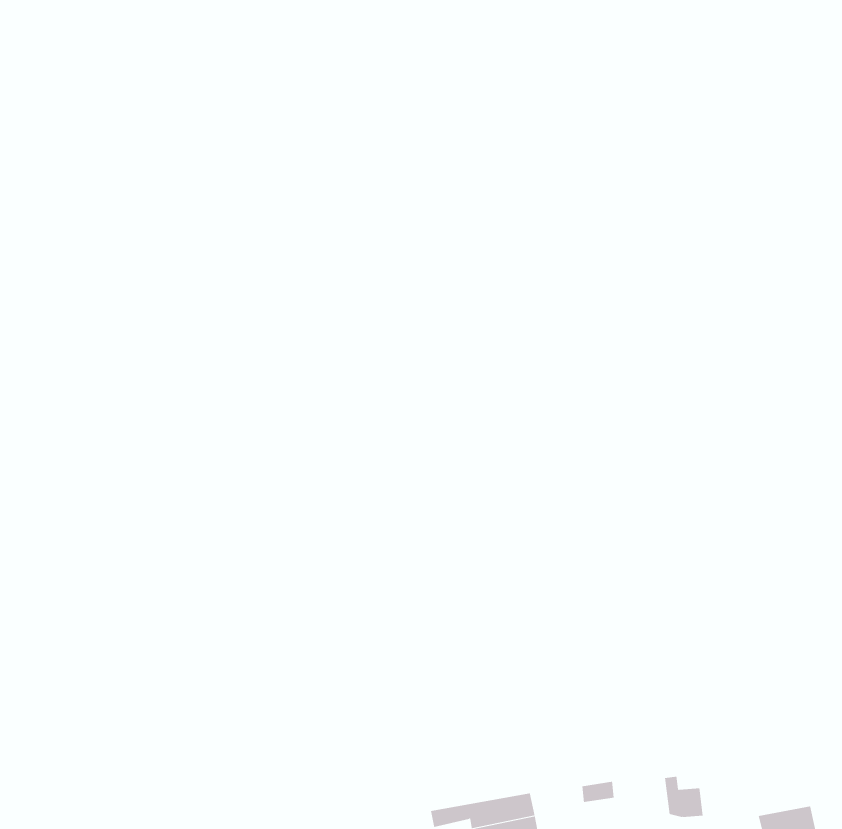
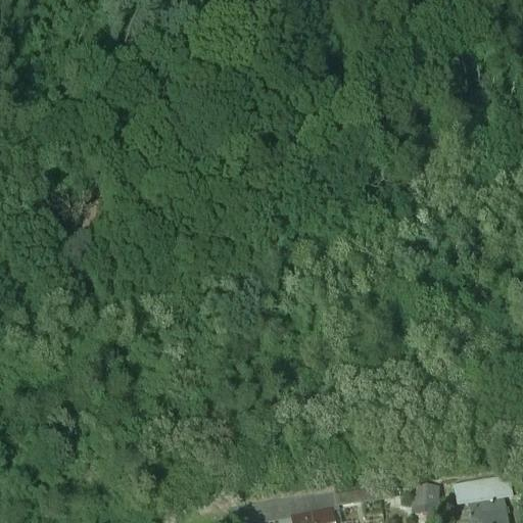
building: none -> [462,480,513,508]

